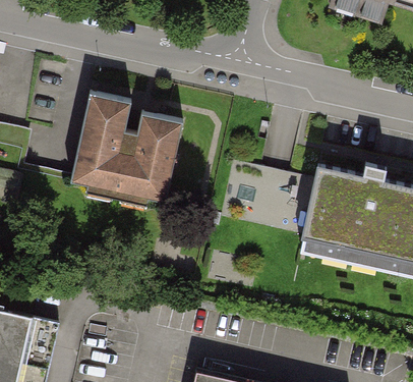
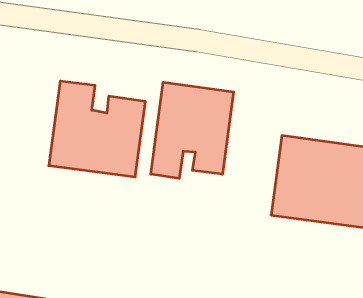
building: none -> [151,82,234,178]

